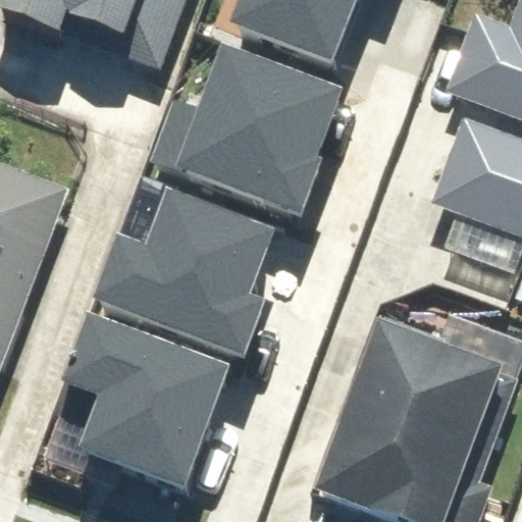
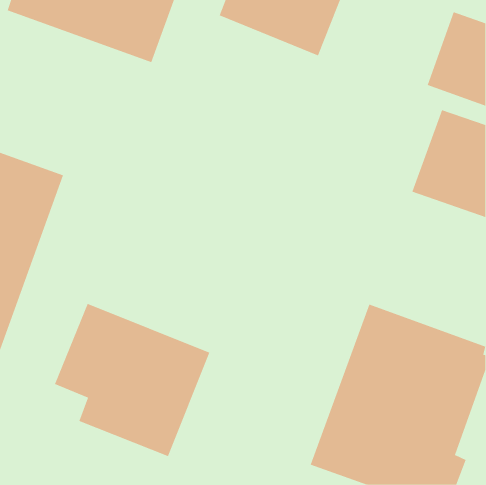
building: [141,49,342,213] -> none
building: [97,197,270,353] -> none

